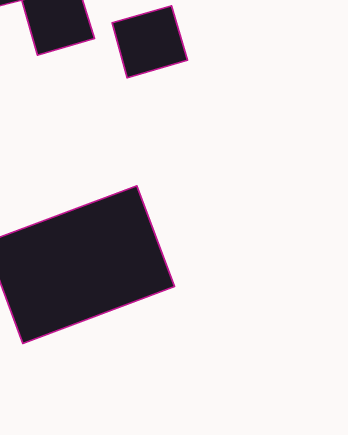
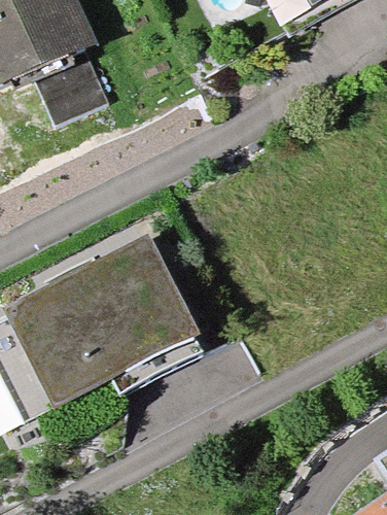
building: [112,6,188,78] -> none

